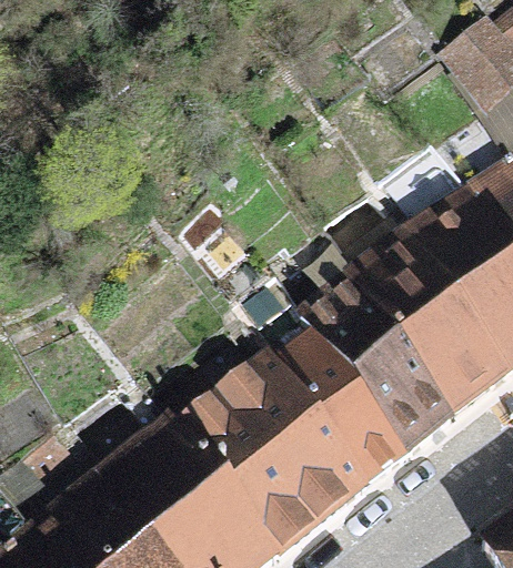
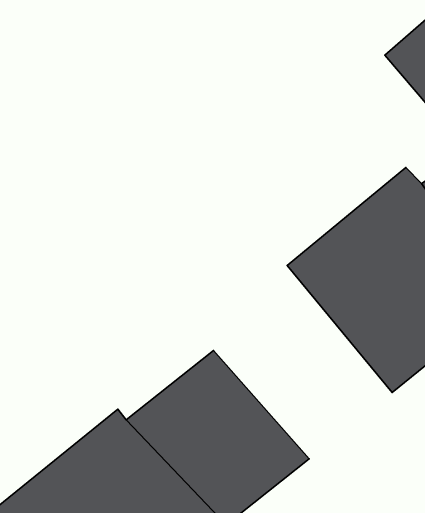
building: [263,285,452,489] -> none

